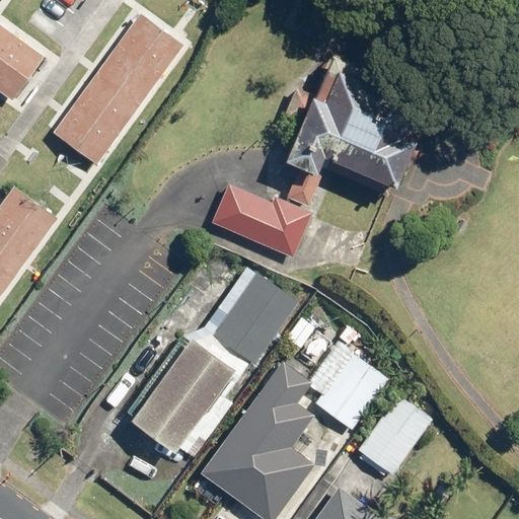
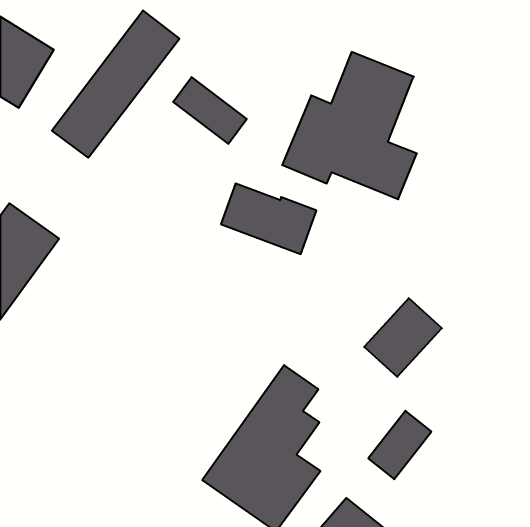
building: none -> [173,77,247,144]
building: [206,276,295,370] -> none
building: [129,347,237,462] -> none
building: [310,351,386,428] -> [364,298,442,377]

